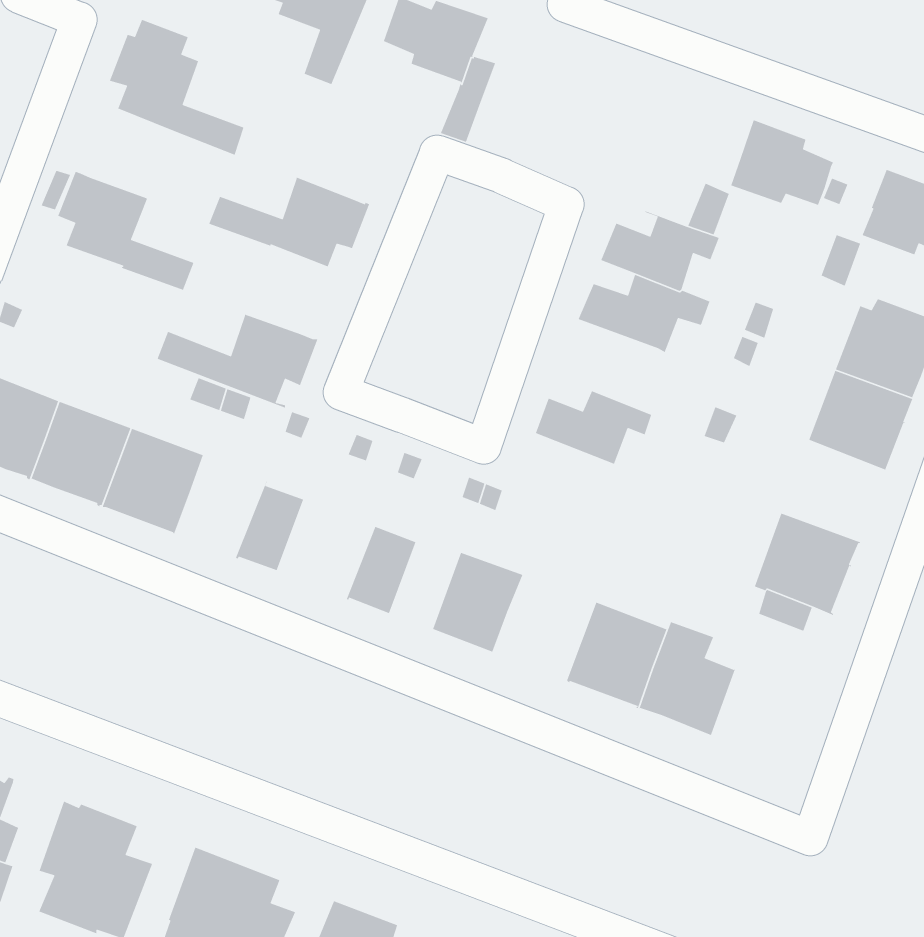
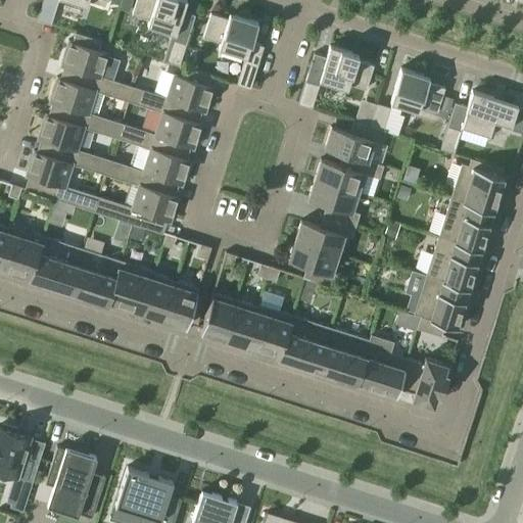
building: none -> [298,48,375,110]
building: none -> [130,72,213,124]
building: none -> [50,80,123,141]
building: none -> [26,152,99,213]
building: none -> [106,150,190,196]
building: none -> [308,181,361,229]
building: none -> [289,242,341,291]
building: none -> [427,238,482,290]
building: none -> [108,263,155,316]
building: none -> [163,283,199,330]
building: none -> [224,302,259,349]
building: none -> [279,317,332,372]
building: none -> [396,361,447,408]

